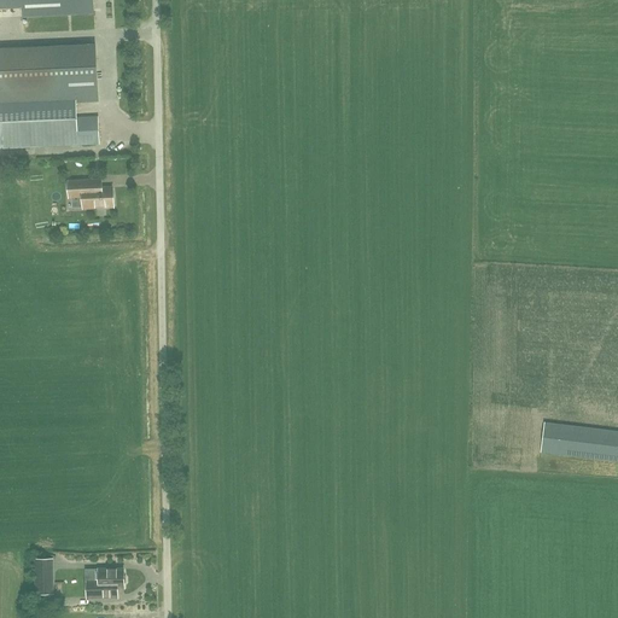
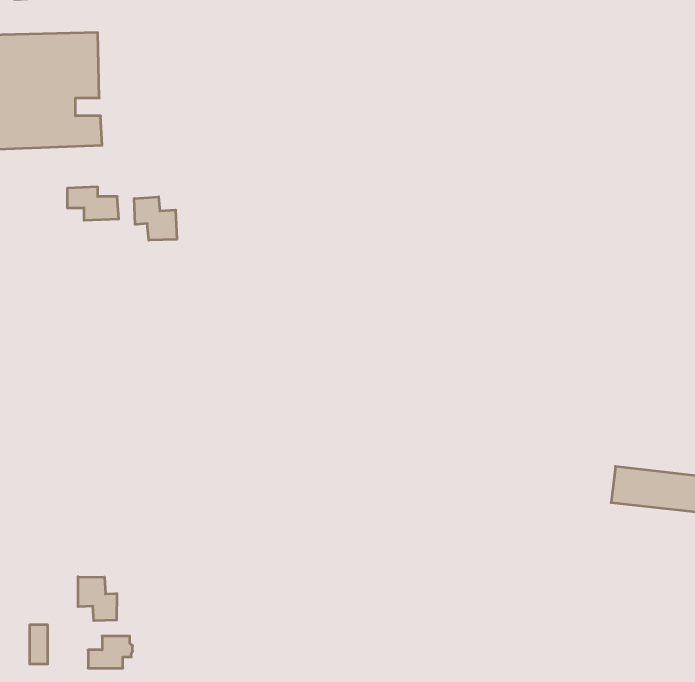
building: none -> [134,197,177,240]
building: none -> [78,577,117,621]

